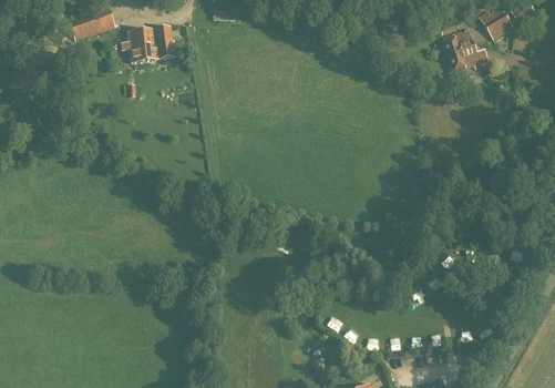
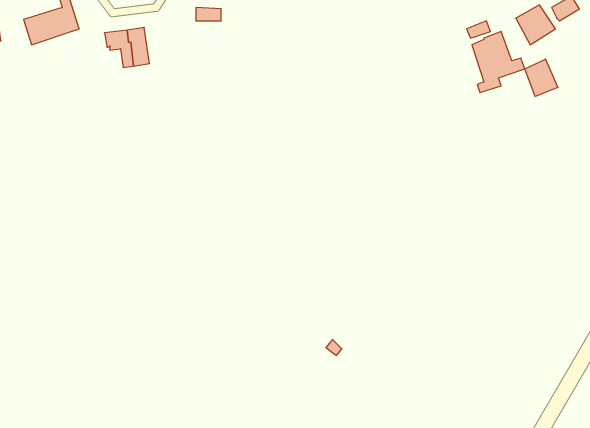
building: [127,29,152,61] -> none
building: none -> [525,59,558,96]

